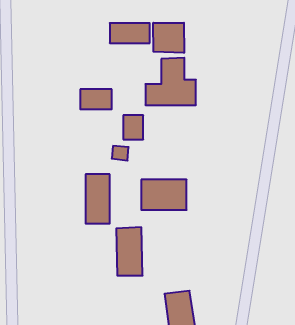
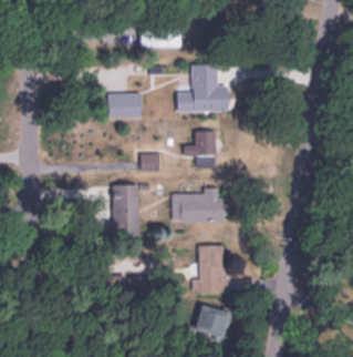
building: [153,23,184,53] -> none
building: [123,115,143,139] -> [196,131,217,156]
building: [116,227,143,276] -> [198,242,226,293]

